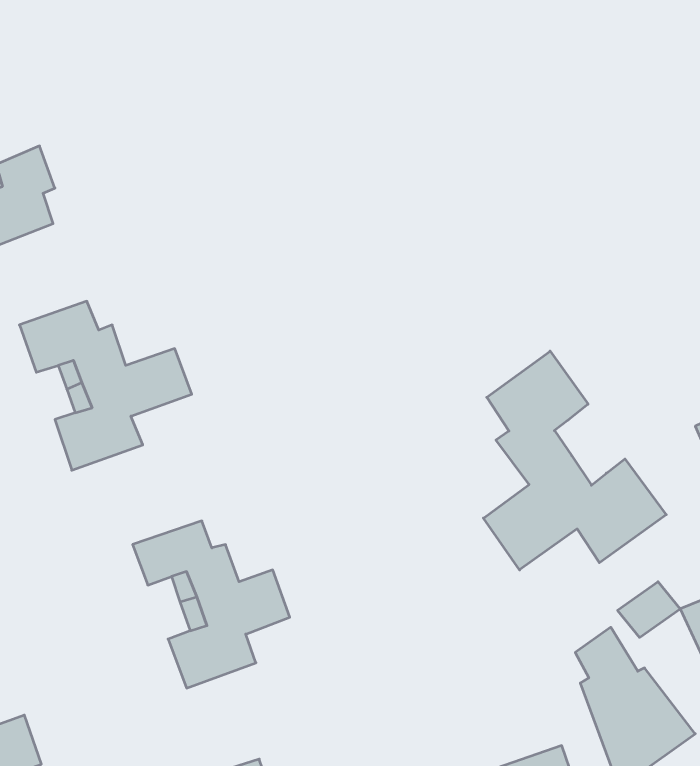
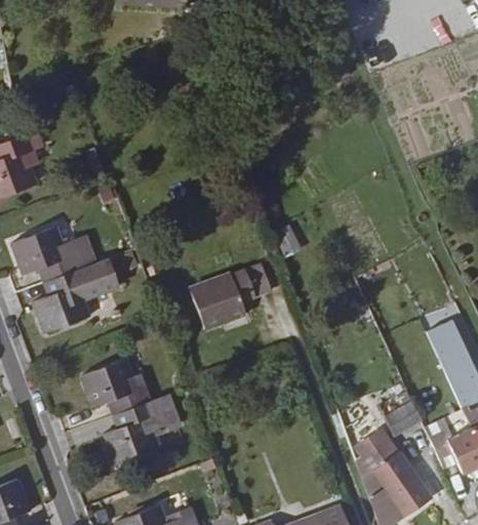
building: none -> [192,258,274,324]
building: [483,351,666,570] -> none

